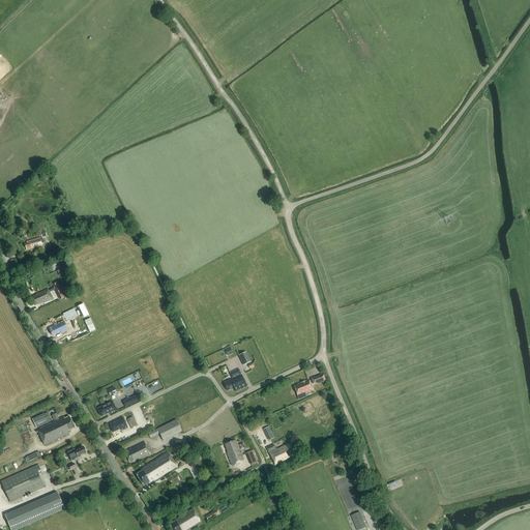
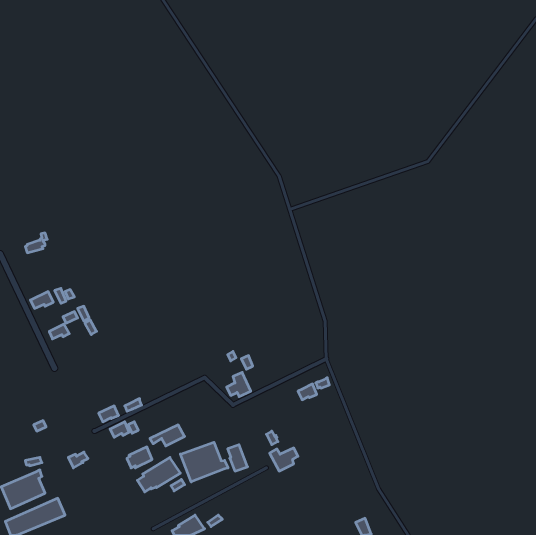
building: [37,413,75,445] -> none
building: none -> [180,442,228,482]

